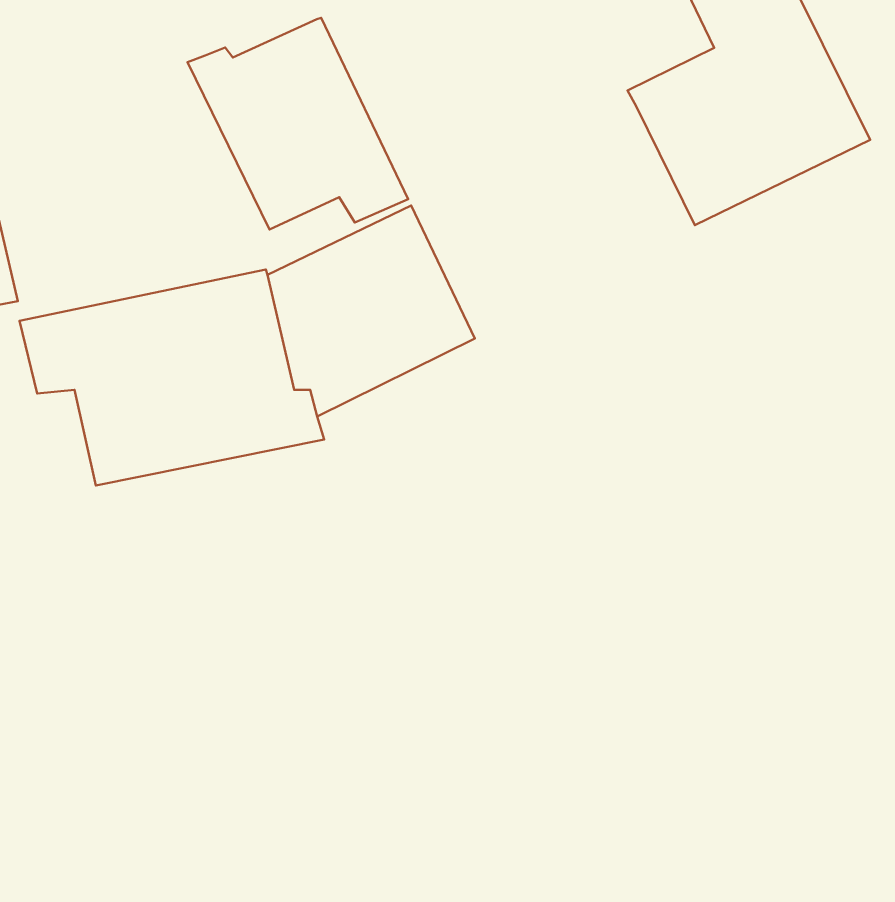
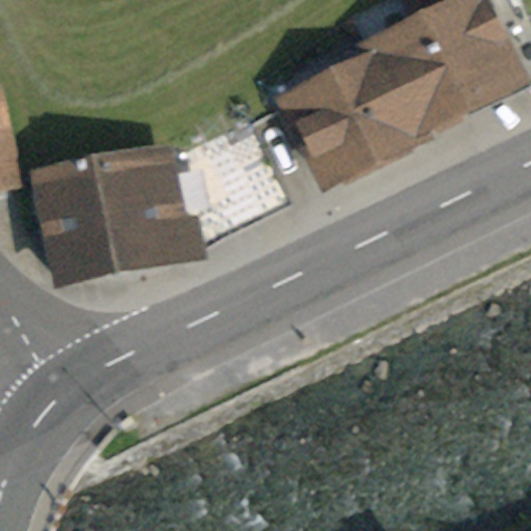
building: [188,18,408,230] -> none
building: none -> [285,62,411,183]

